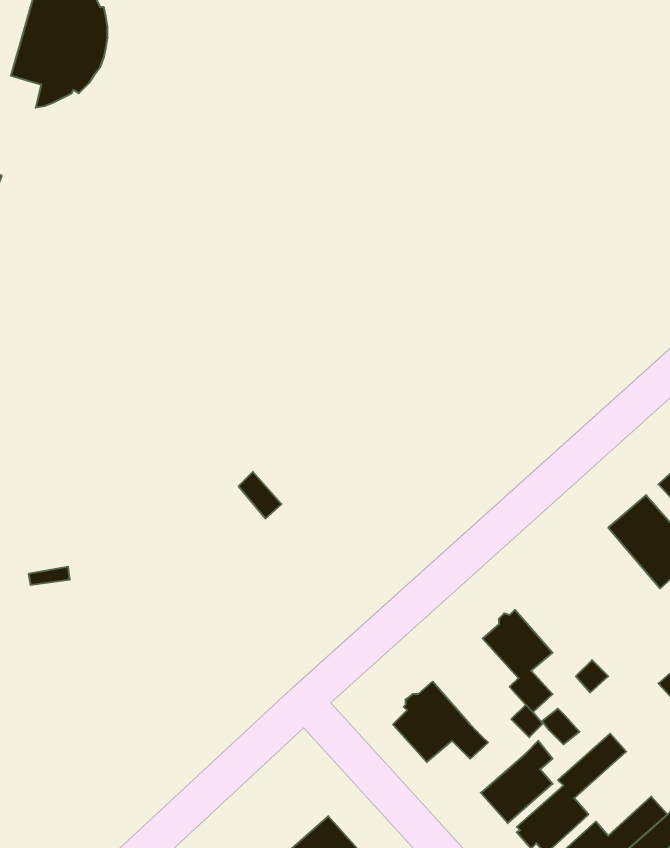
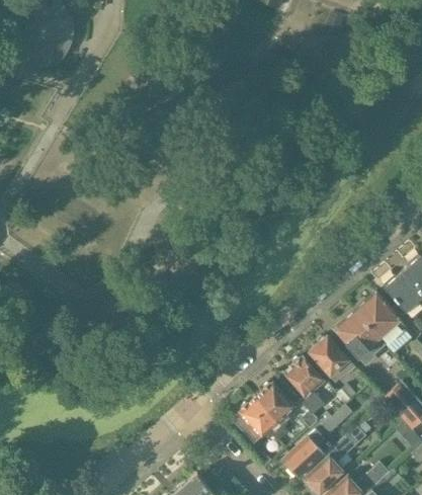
building: none -> [335,311,386,368]
building: none -> [310,335,355,383]
building: none -> [257,383,296,429]

